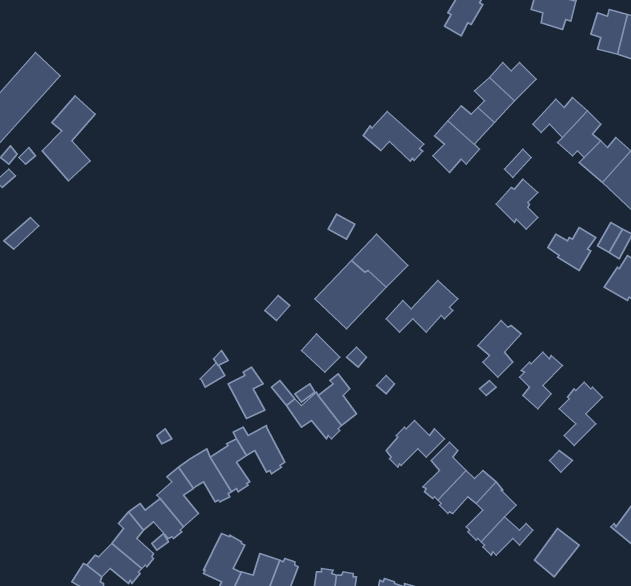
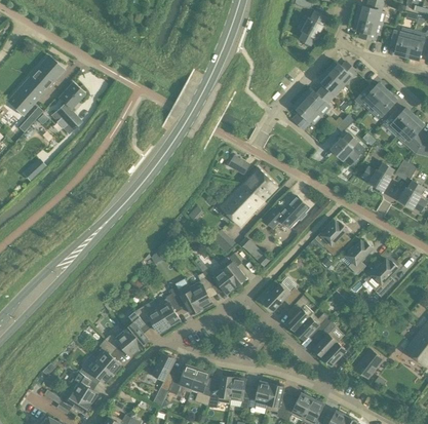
building: [363,111,424,161] -> none
building: [228,367,265,419] -> [190,276,212,308]

